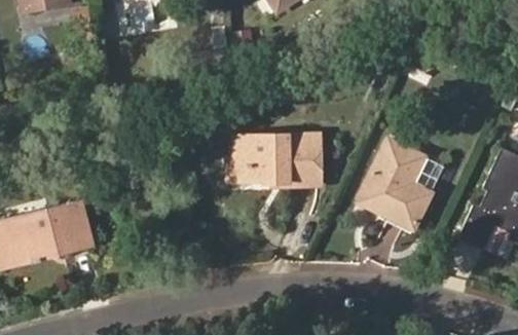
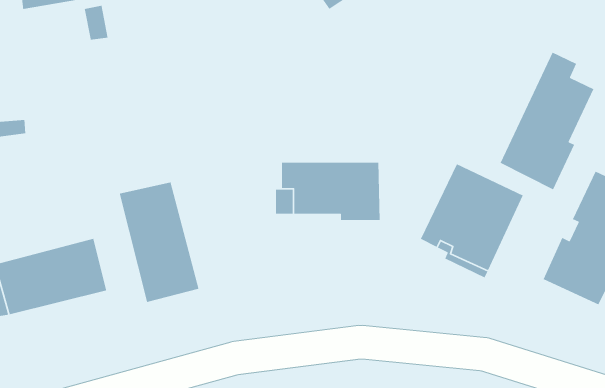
building: none -> [499,52,595,191]
building: none -> [119,181,200,303]

